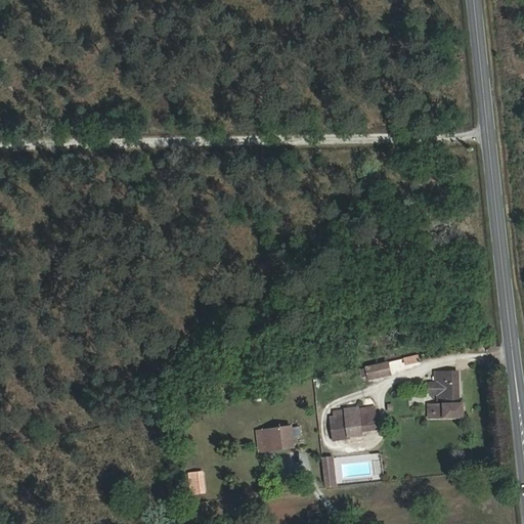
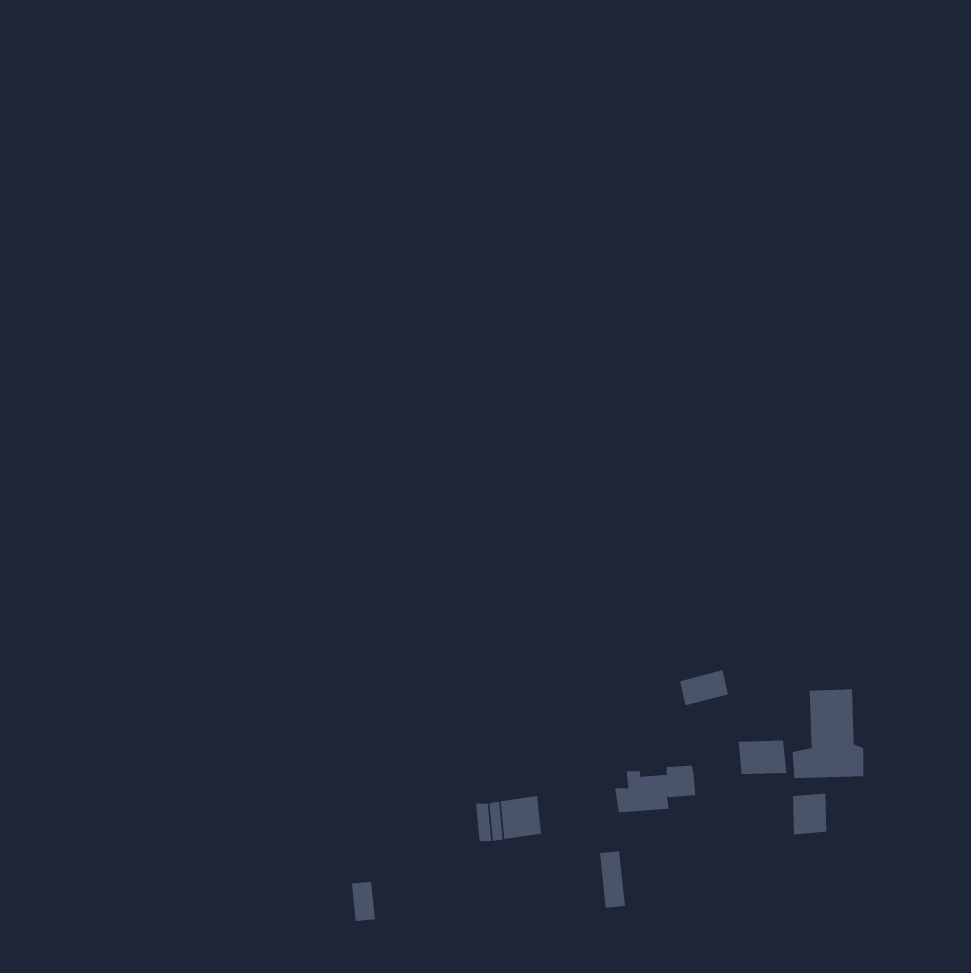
building: none -> [738,740,787,775]
building: none -> [793,793,827,835]

